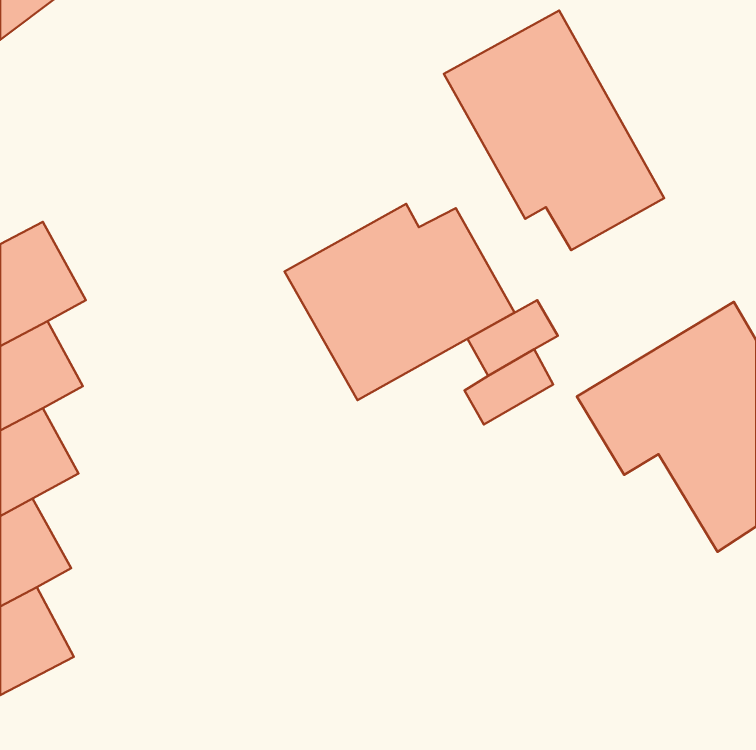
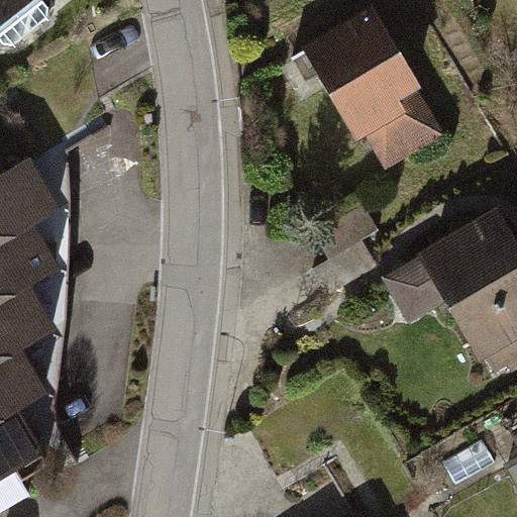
building: [285,204,514,400] -> none

